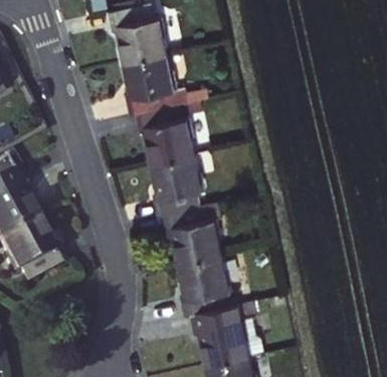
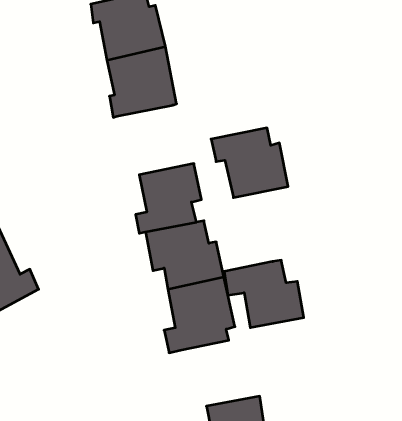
building: [133,111,195,167] -> [211,128,288,198]
building: [184,300,248,354] -> [224,260,304,328]

